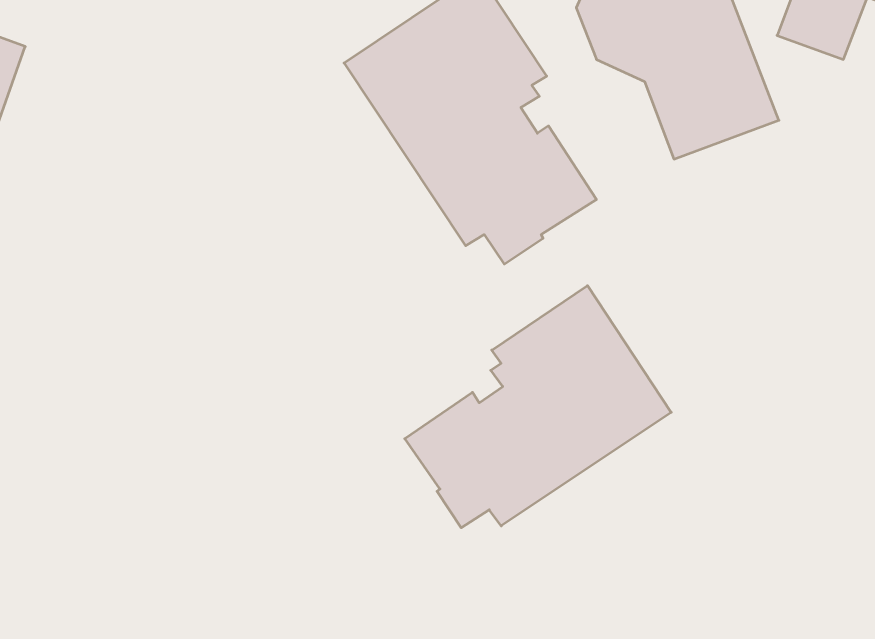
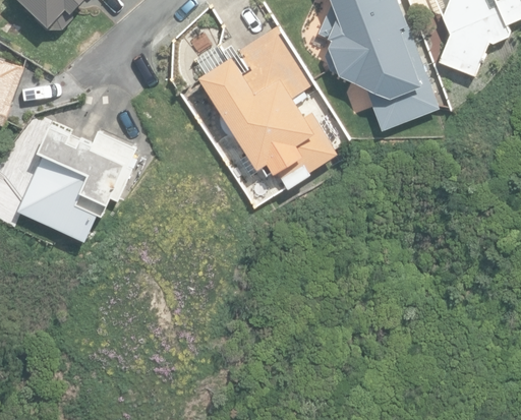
building: none -> [15,113,134,241]
building: [405,286,671,528] -> none

